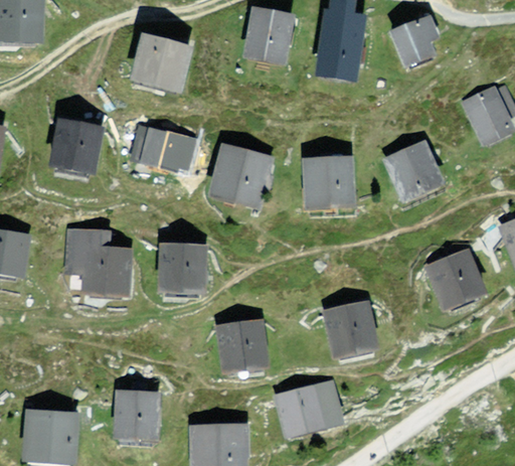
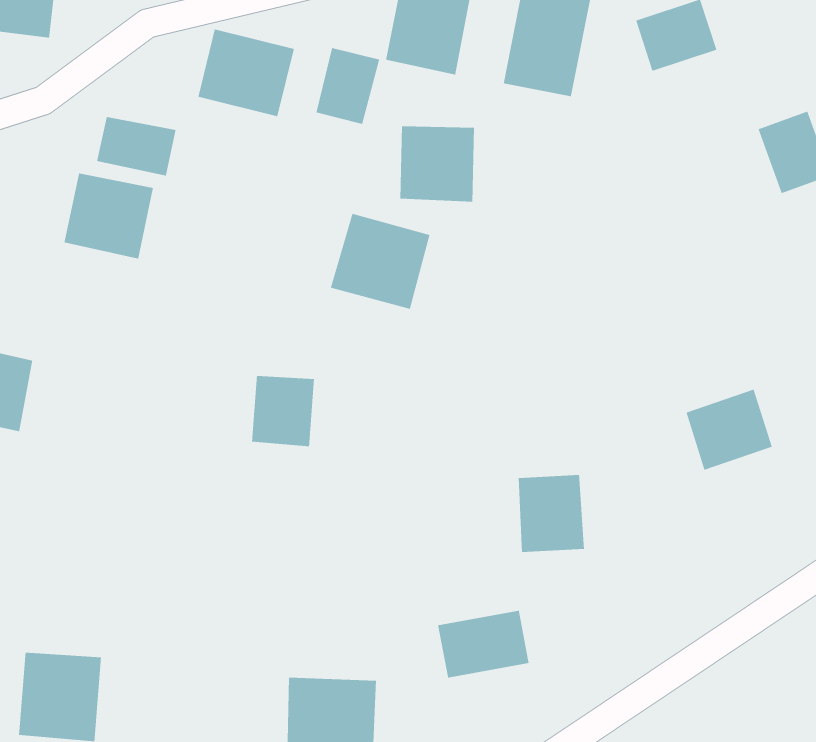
building: none -> [315,47,380,125]
building: [141,133,189,169] -> [96,116,177,177]
building: [383,141,437,193] -> none
building: [303,158,348,204] -> [400,125,475,203]
building: [76,230,137,291] -> none
building: [222,326,263,369] -> none
building: [114,396,155,435] -> none

